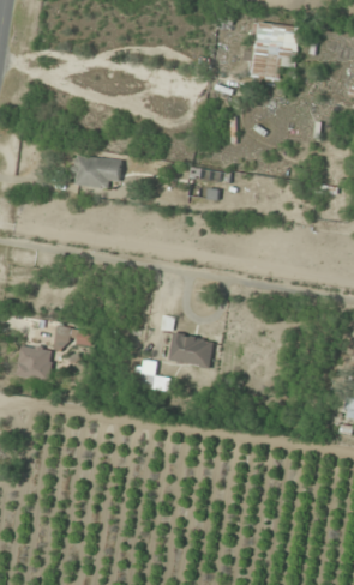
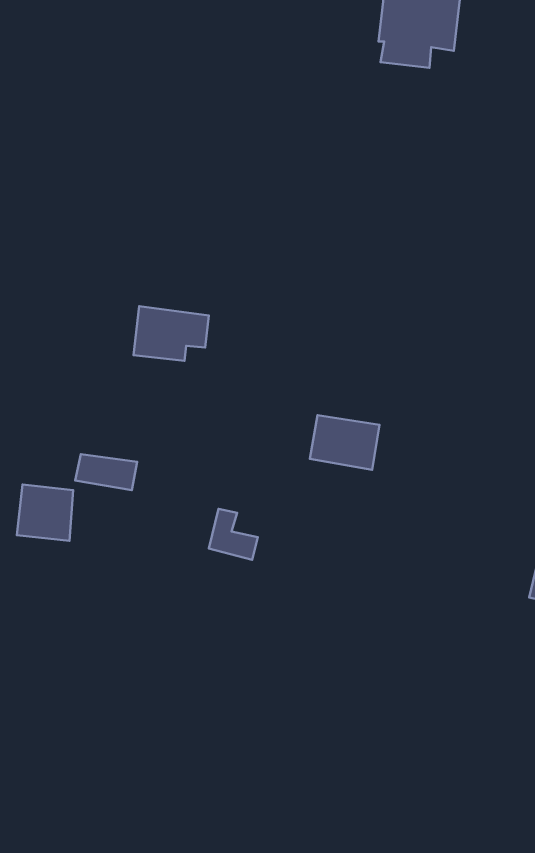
building: [73,155,121,189] -> [133,306,209,361]
building: [169,333,214,368] -> [310,415,380,470]

